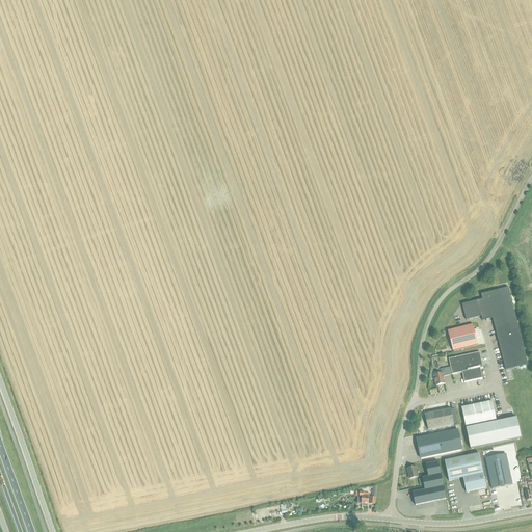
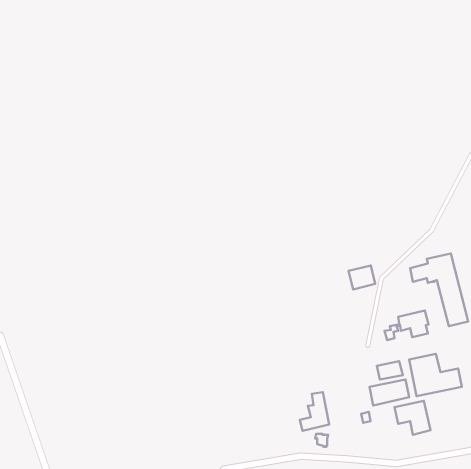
building: [448,322,478,349] -> [349,265,375,289]
building: [485,452,512,487] -> none
building: [413,460,446,504] -> [300,392,329,431]

